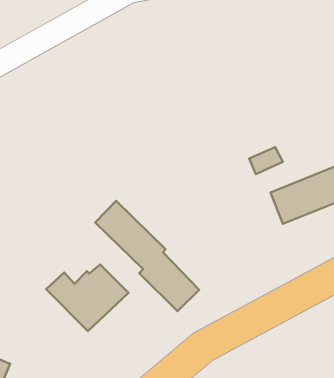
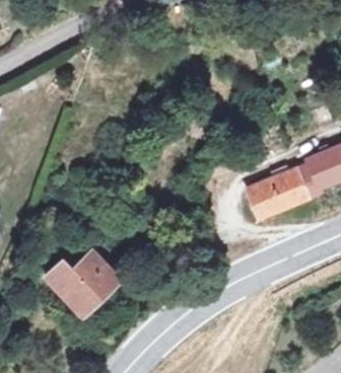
building: [95,201,199,311] -> none

